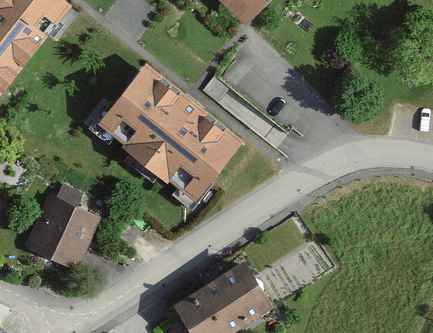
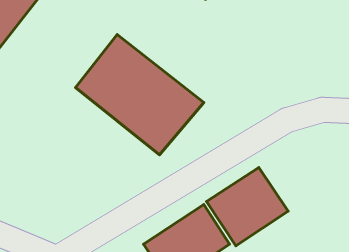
building: [25,192,100,268] -> none
building: none -> [207,167,288,246]

